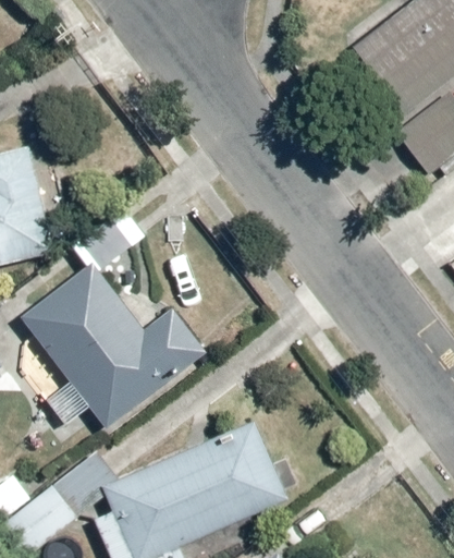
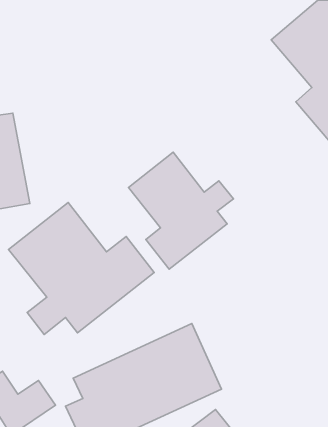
building: none -> [128,152,233,269]

